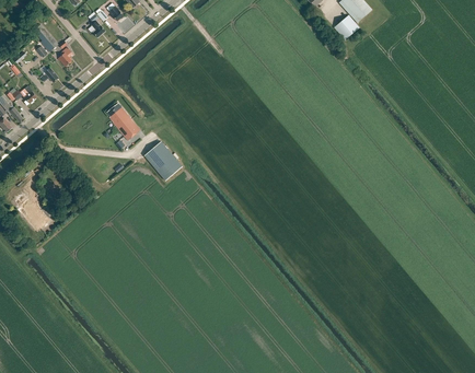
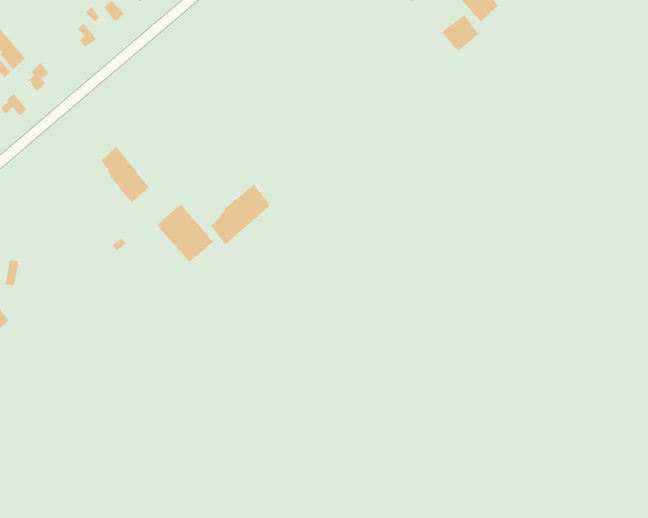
building: none -> [210,184,271,245]

